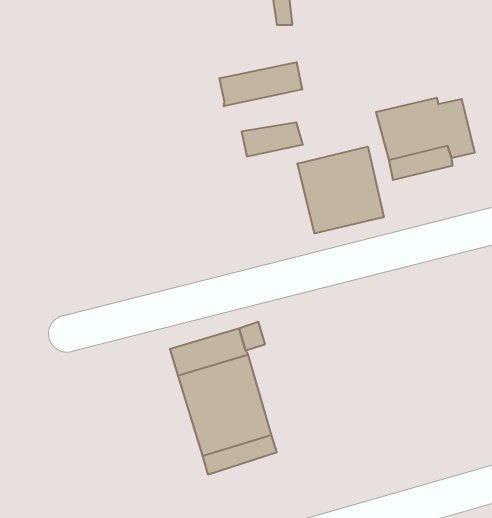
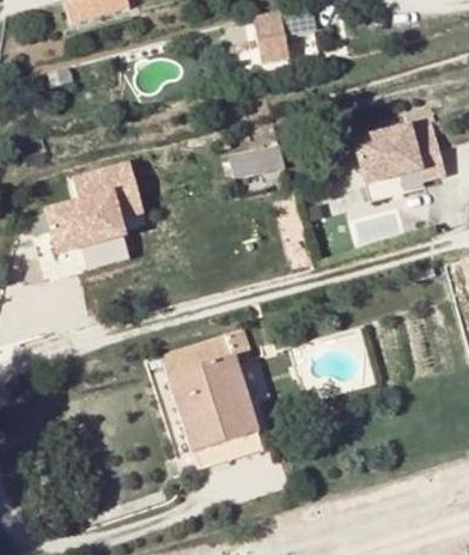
building: [219,62,302,106] -> none
building: none -> [42,157,146,252]
building: [297,147,384,233] -> none

